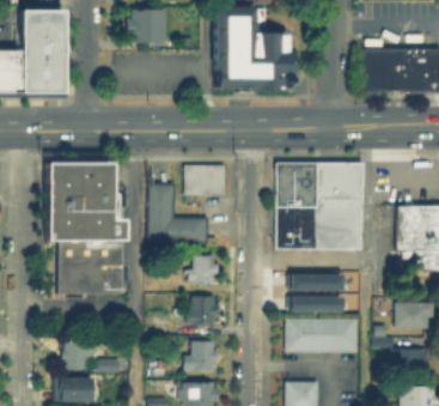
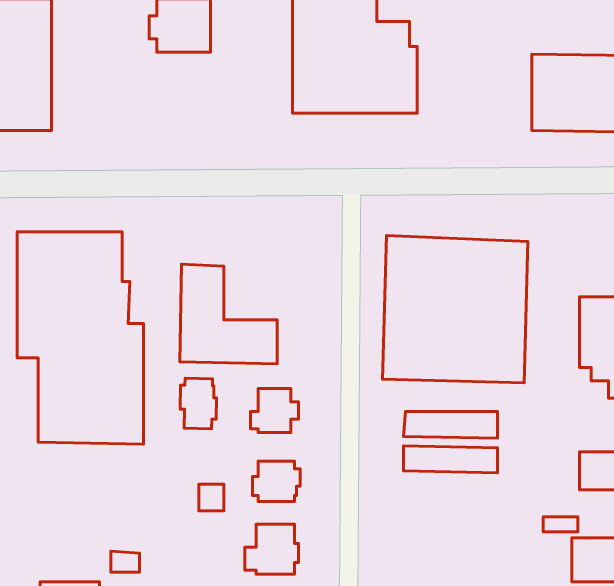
building: [181,163,222,193] -> none
building: none -> [180,378,217,429]
building: [287,326,359,352] -> none
building: [62,343,94,369] -> none

